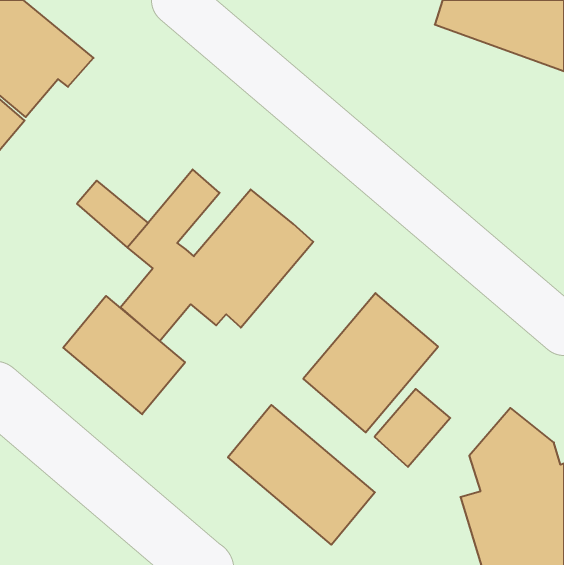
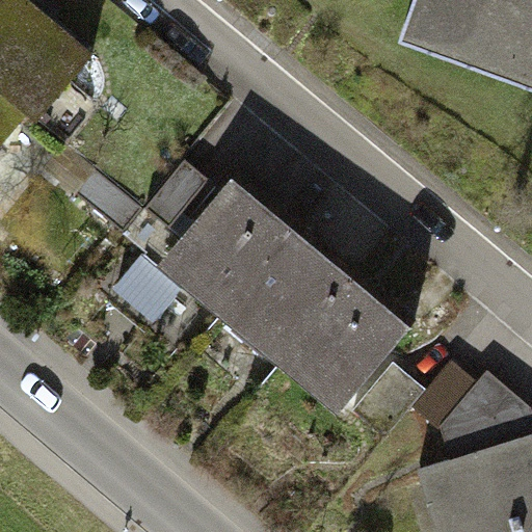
building: none -> [224,230,350,357]
building: [63,296,185,414] -> none
building: [228,405,375,545] -> none

